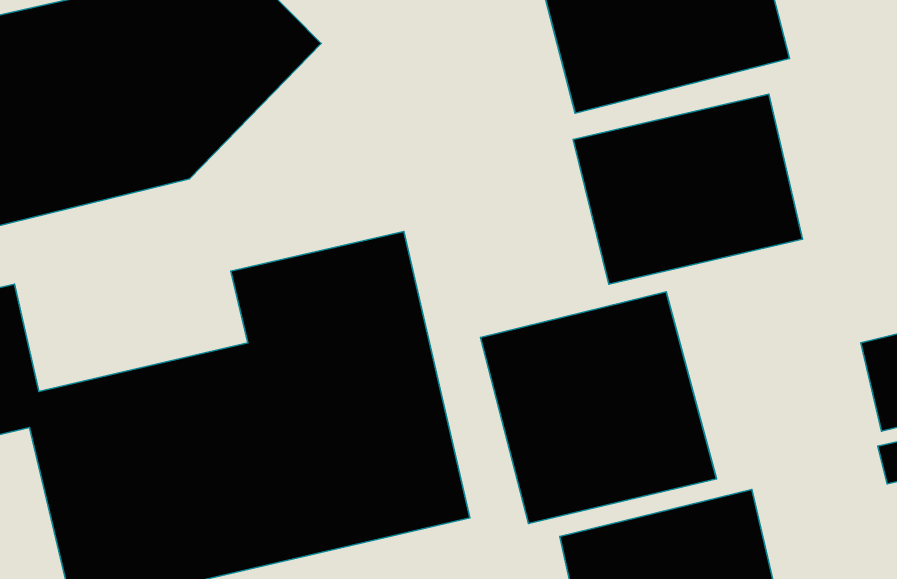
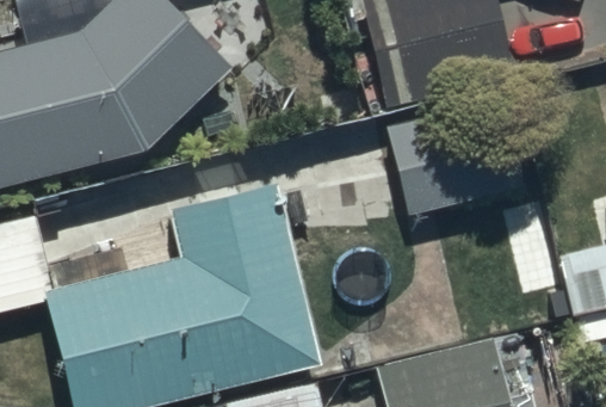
building: [481,292,716,523] -> none

